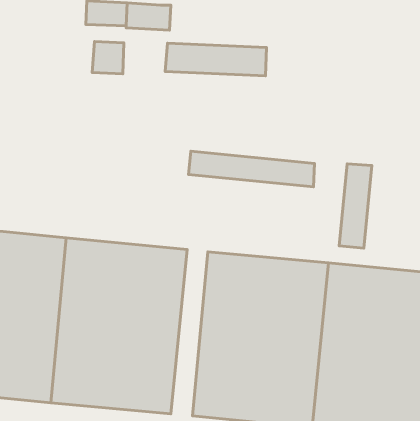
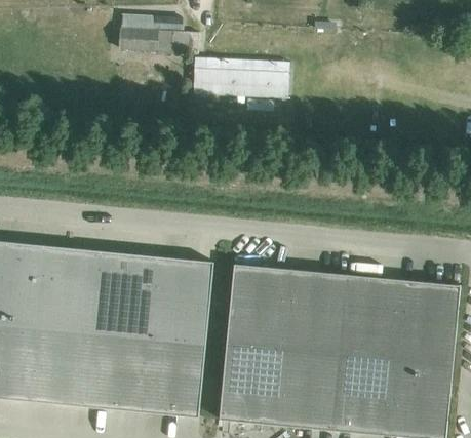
building: [92,42,124,74] -> none
building: [188,151,314,187] -> none
building: [339,164,372,248] -> none

